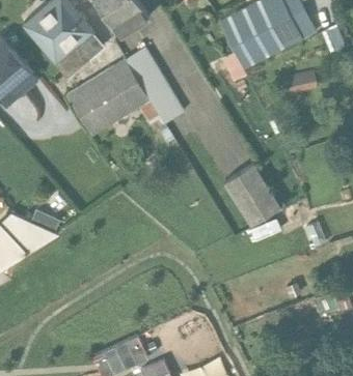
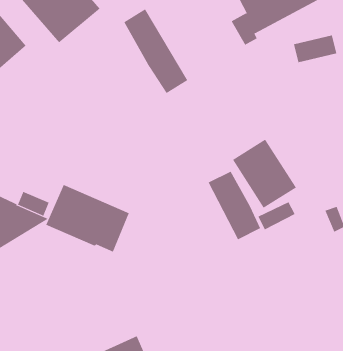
building: [65,57,175,142] -> none
building: none -> [208,171,261,240]
building: none -> [46,184,129,252]

